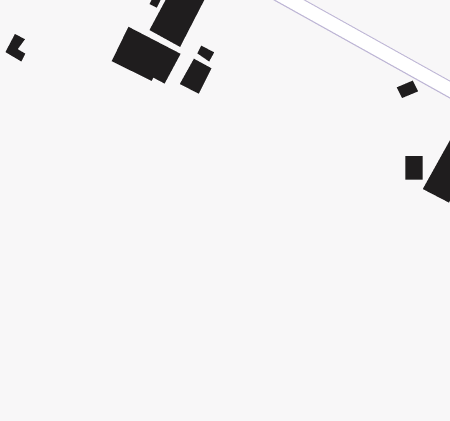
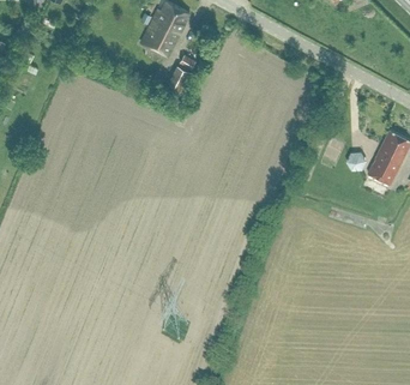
building: [111,26,181,85] -> none

